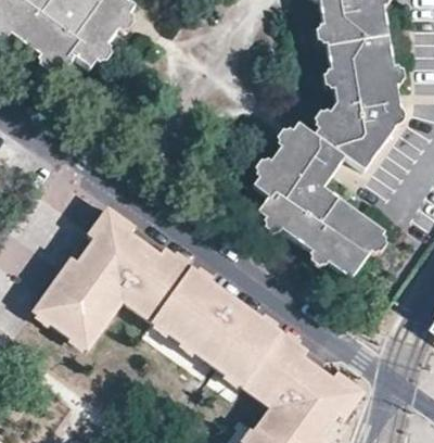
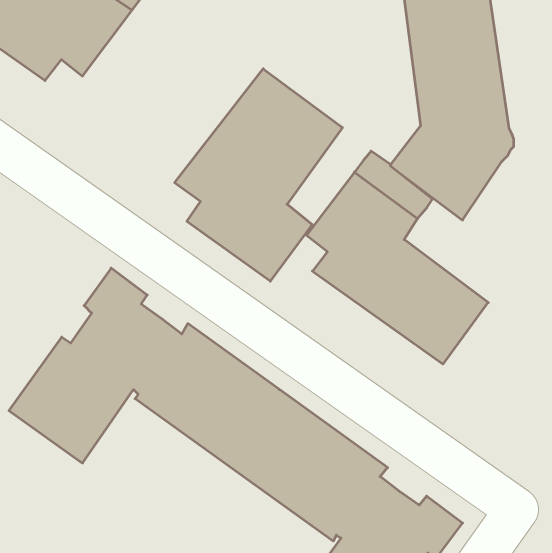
building: none -> [175,69,342,281]

